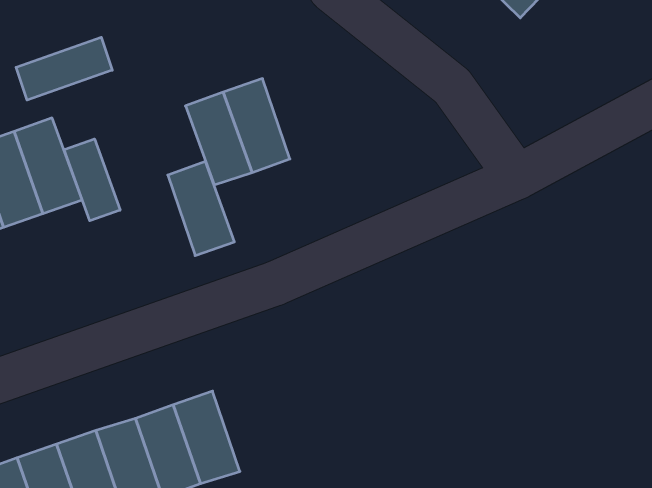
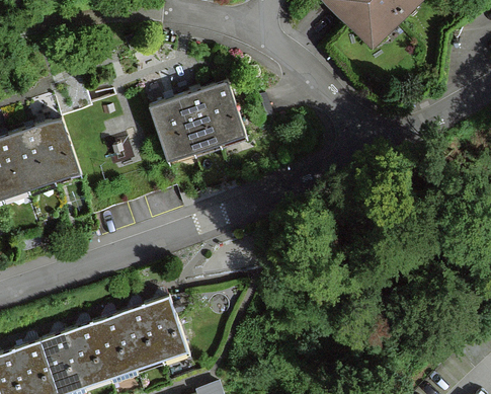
building: [16,37,112,100] -> none
building: [64,139,120,221] -> none
building: [168,161,234,256] -> [201,81,246,144]

